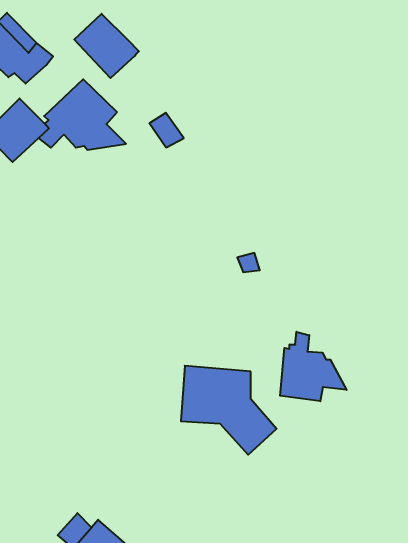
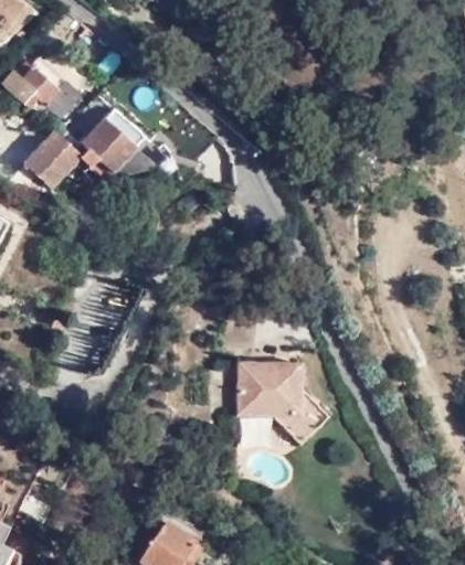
building: [74,14,139,78] -> none
building: [280,332,347,401] -> none

